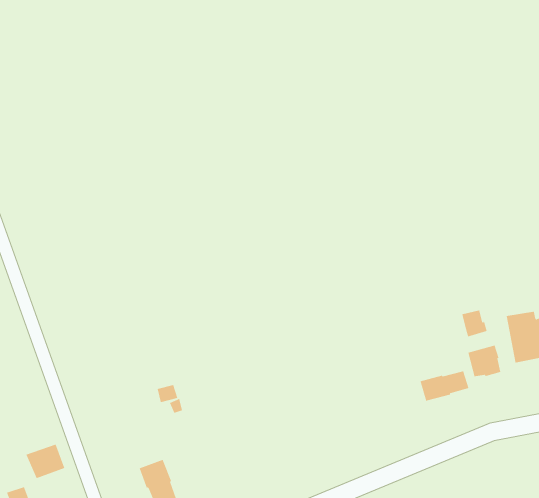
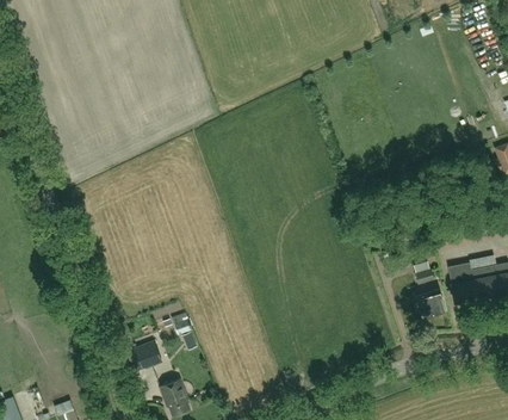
building: [420,371,469,402] -> none
building: [26,444,65,479] -> [129,342,160,370]

